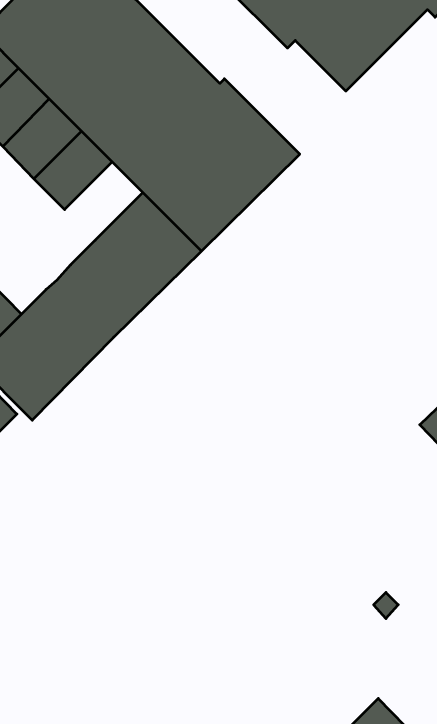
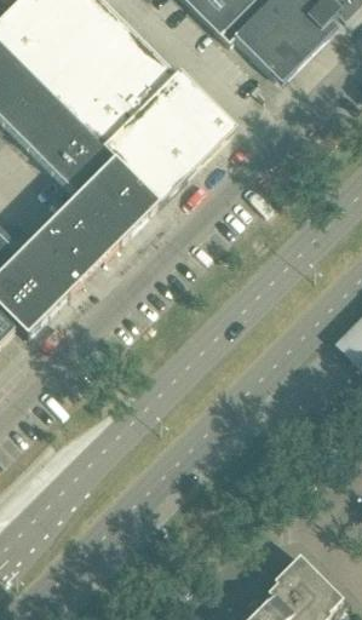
building: none -> [52,133,114,195]

